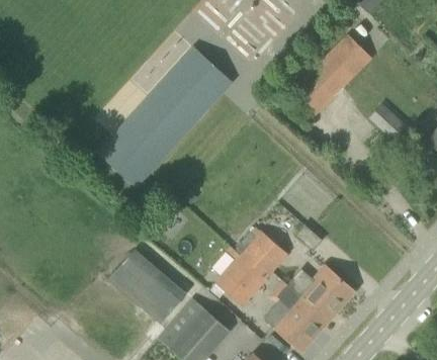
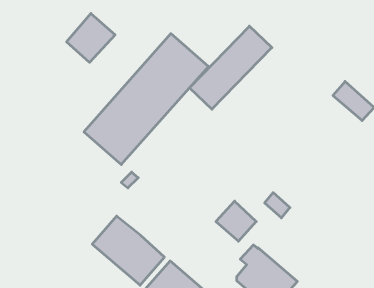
building: none -> [67,13,115,62]
building: [282,33,371,123] -> [189,26,272,109]
building: [215,255,266,305] -> none
building: [287,263,354,320] -> none

